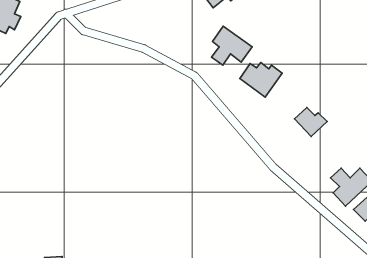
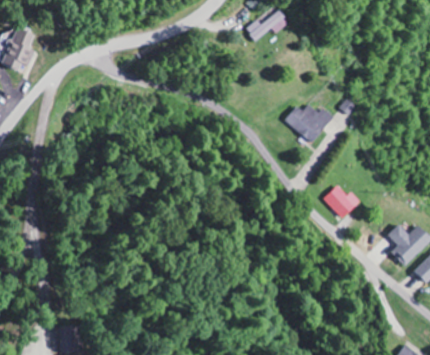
building: [211,26,252,65] -> none
building: [294,107,327,137] -> [324,185,361,218]

